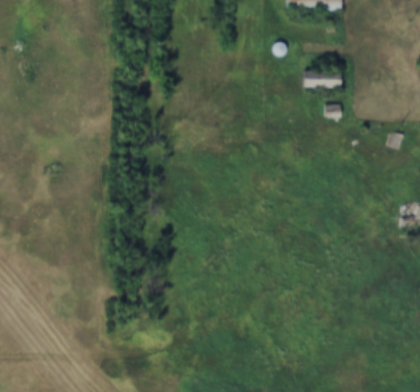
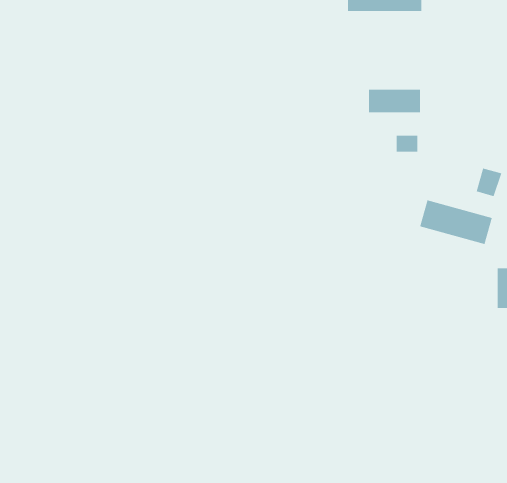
building: none -> [419,200,492,245]

